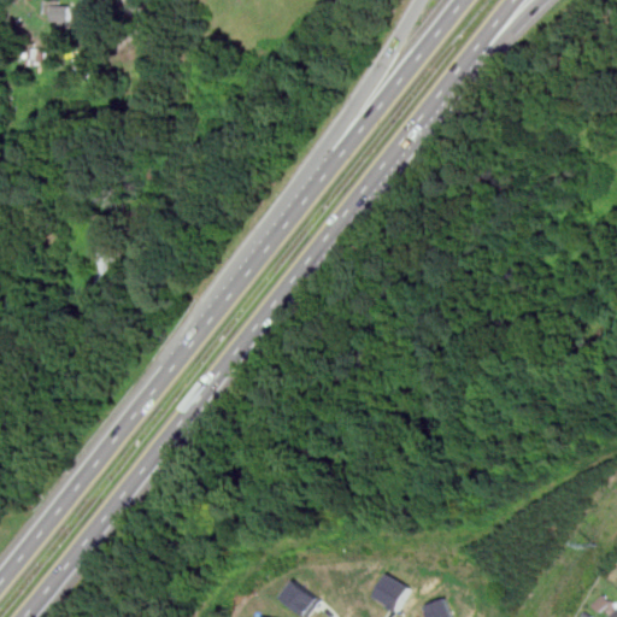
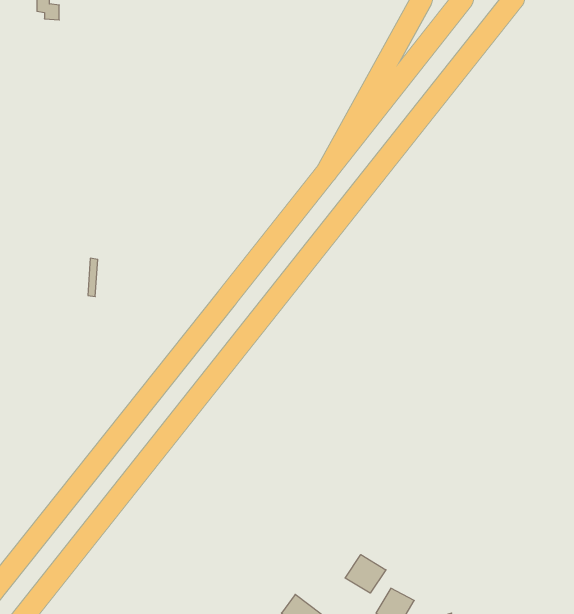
building: none -> [345,555,386,593]

